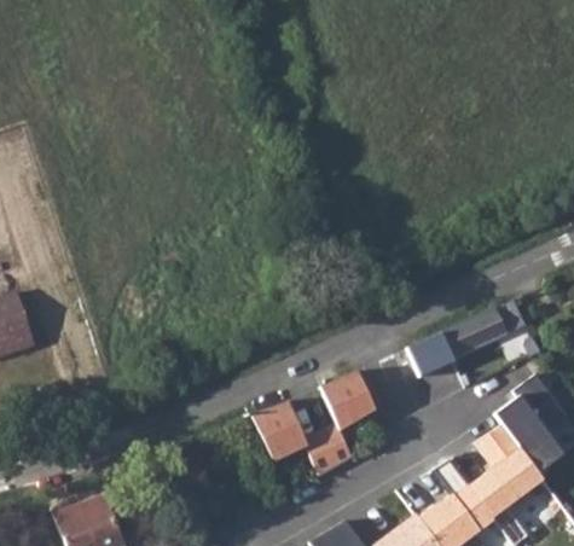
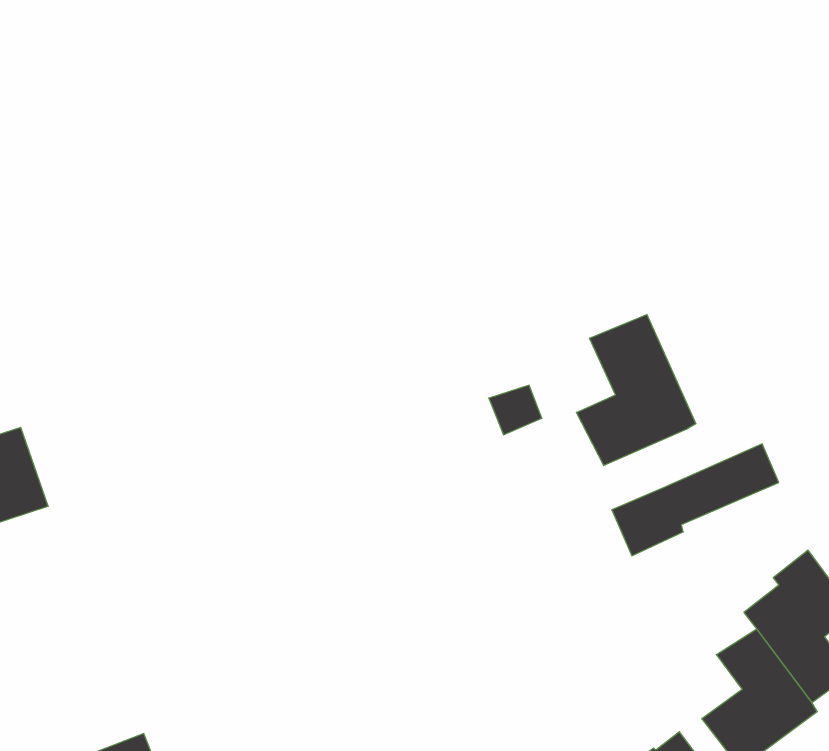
building: none -> [576,314,696,466]
building: [247,367,376,475] -> none

